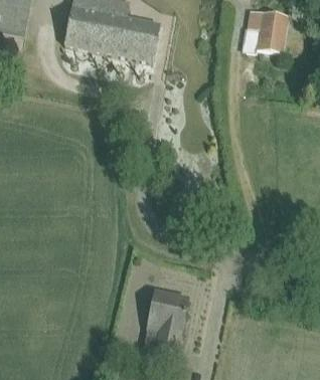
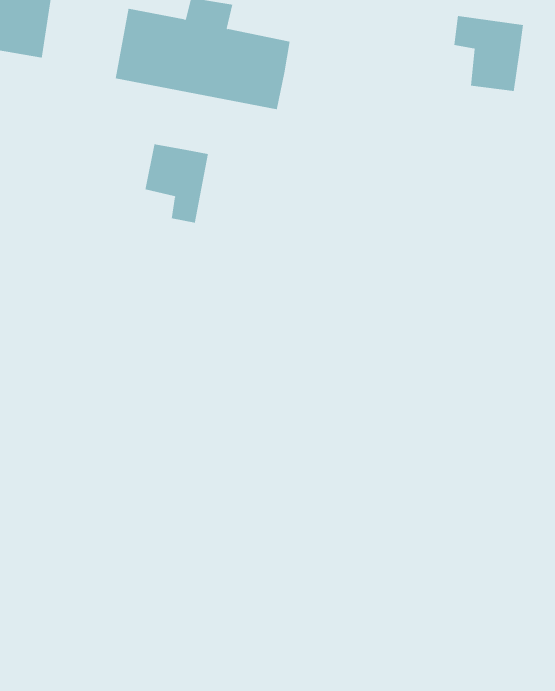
building: none -> [145,143,208,224]
building: [143,293,186,347] -> none

